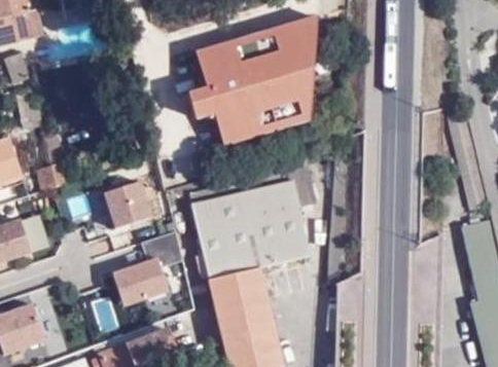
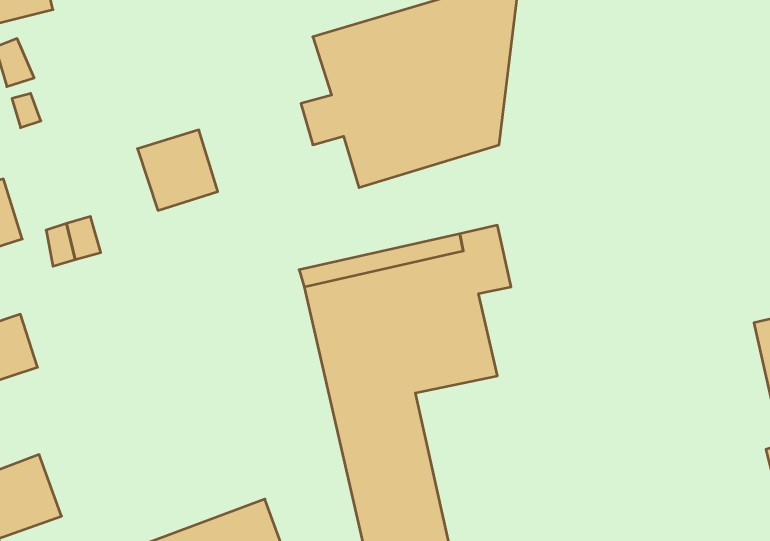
building: [103,181,151,229] -> [137,130,218,210]
building: [112,231,182,305] -> none

